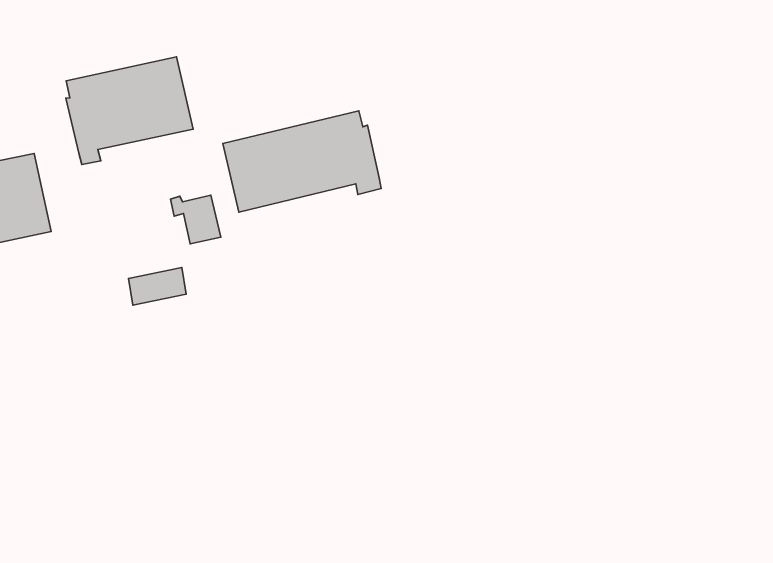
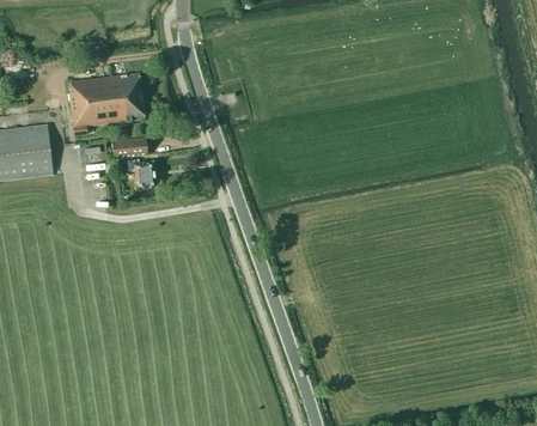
building: [223,111,381,212] -> none
building: [129,268,186,305] -> [114,138,148,158]

